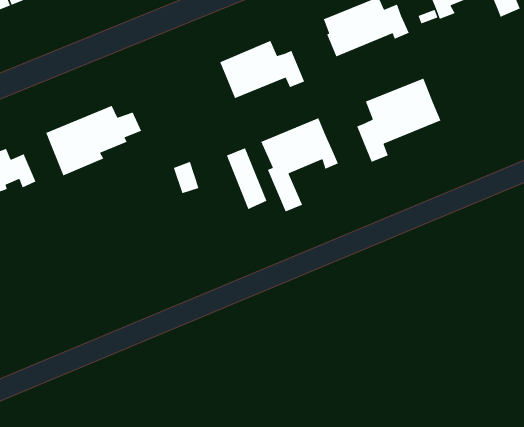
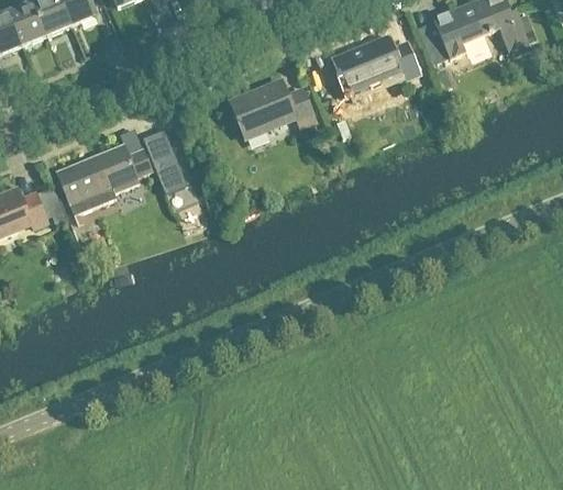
building: [356,78,442,163] -> none
building: [260,117,339,213] -> none
building: [226,147,268,210] -> [144,130,186,192]

